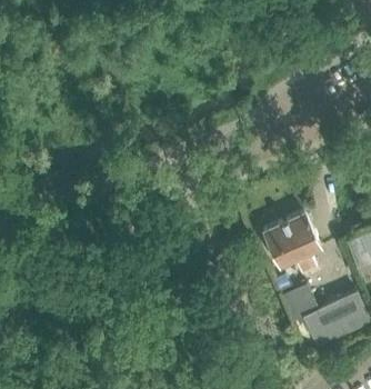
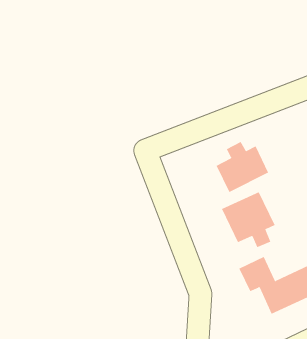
building: none -> [216,141,269,193]

